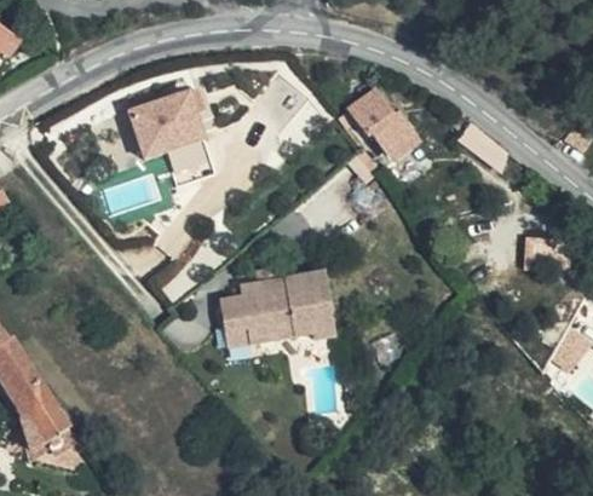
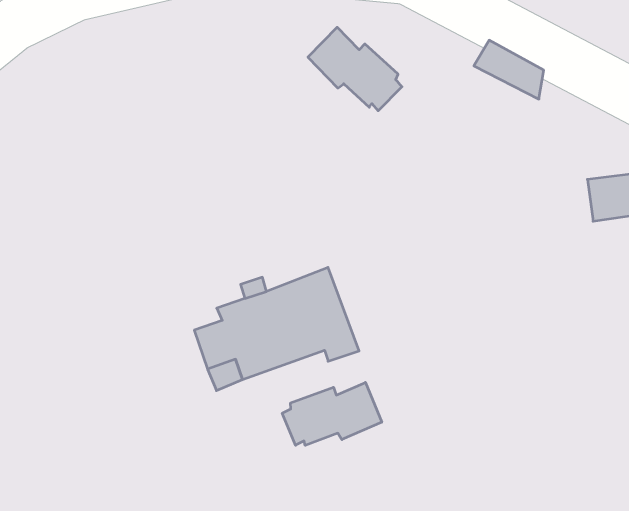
building: [127,96,211,185] -> none
building: none -> [282,382,382,445]

